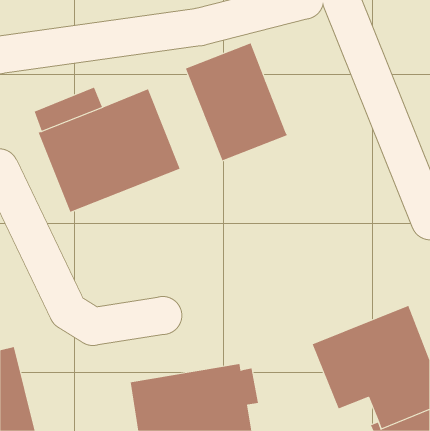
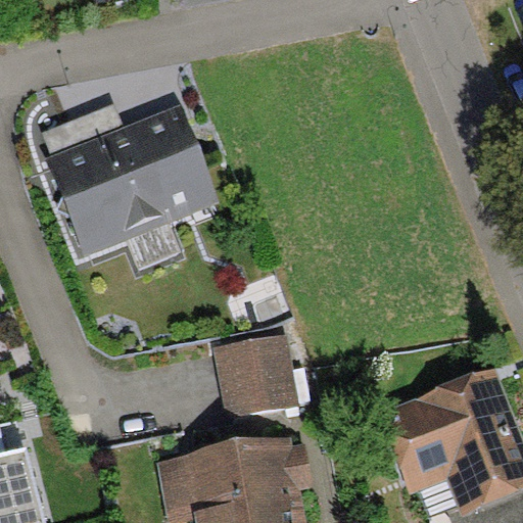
building: [185,42,288,161] -> none
building: none -> [213,337,298,418]

